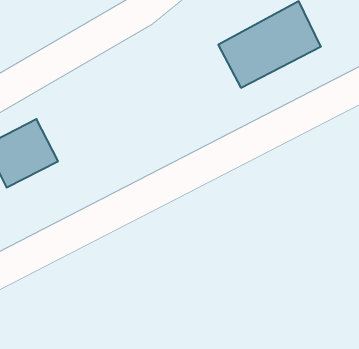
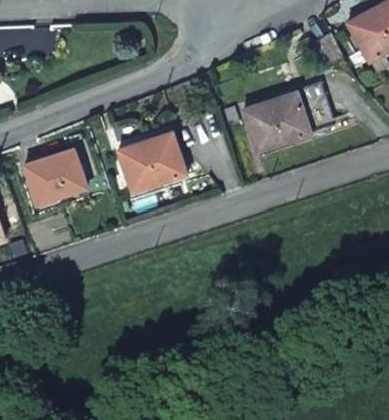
building: none -> [118,131,186,192]

